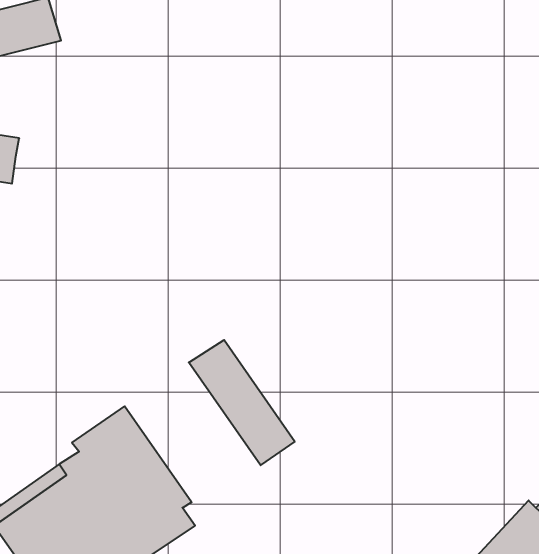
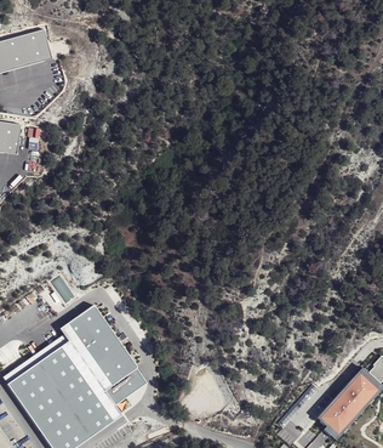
building: [189,340,295,465] -> none

